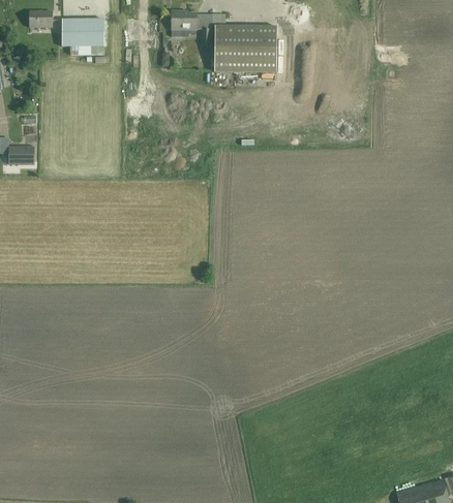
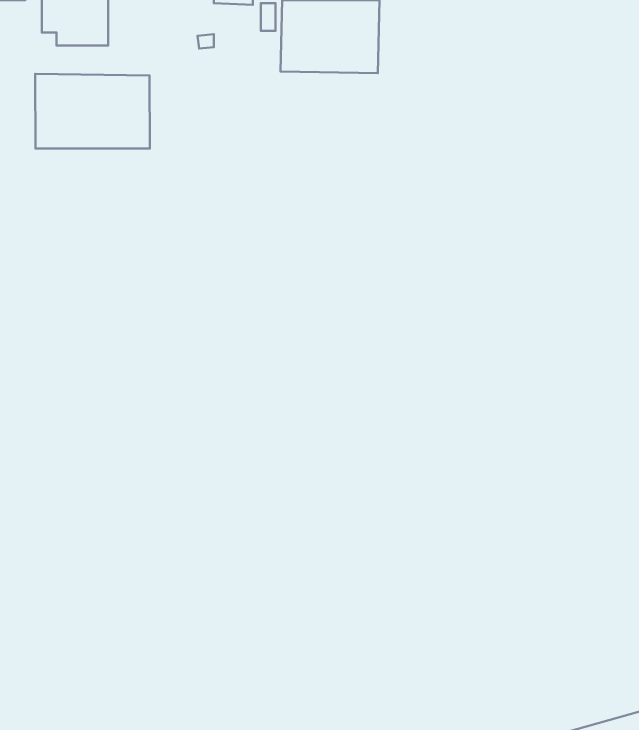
building: none -> [35,74,150,149]

